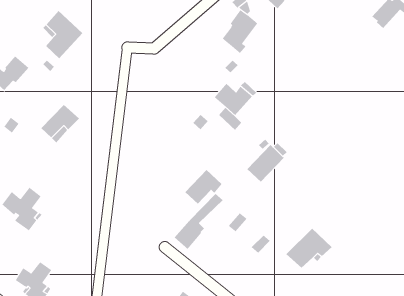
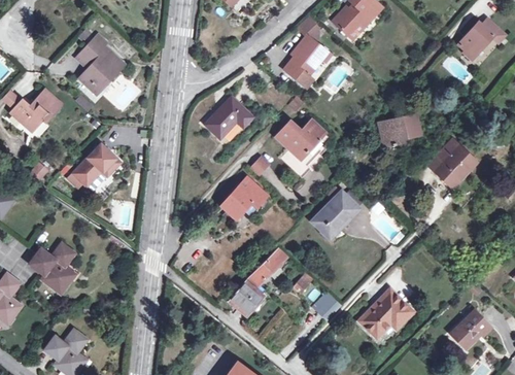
building: none -> [206,98,251,138]
building: none -> [378,115,420,146]
building: none -> [428,140,476,188]
building: [184,169,223,205] -> [220,178,265,219]
building: none -> [451,310,489,348]

